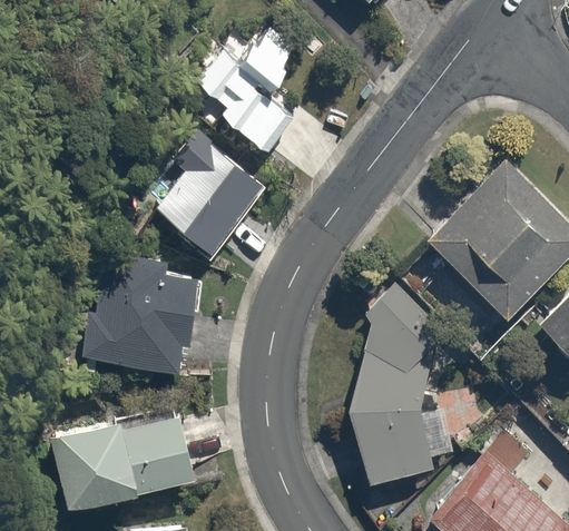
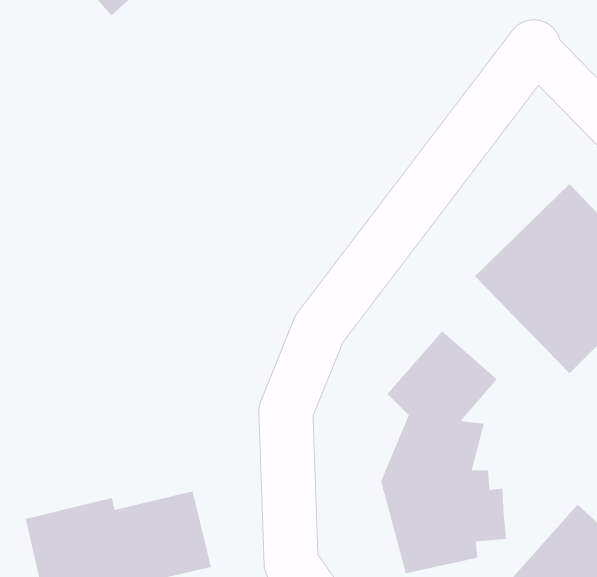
building: [208,31,300,158] -> none
building: [156,134,265,255] -> none
building: [82,258,203,368] -> none

